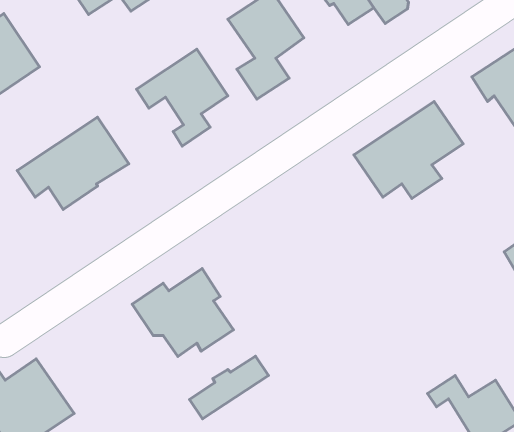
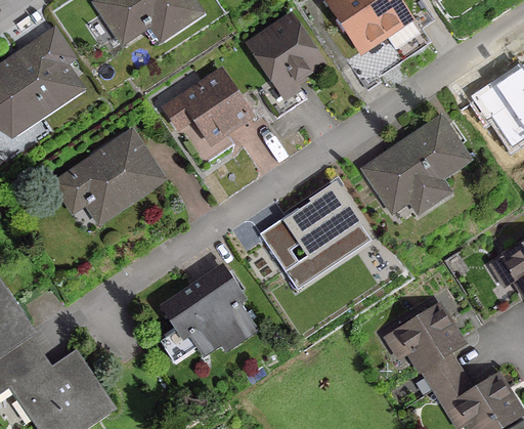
building: none -> [261,182,373,288]
building: none -> [386,306,460,393]
building: [189,356,269,419] -> none

